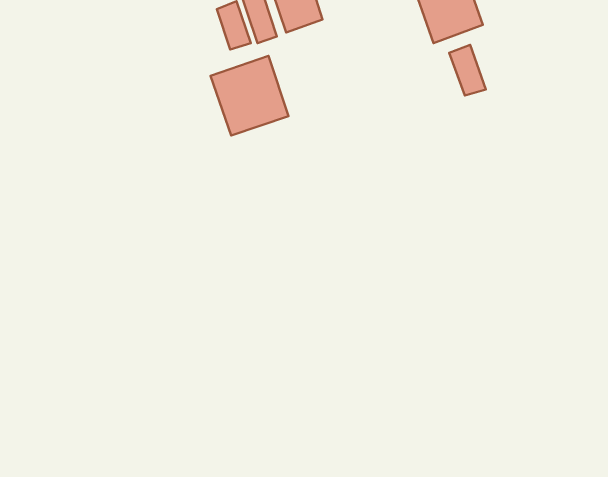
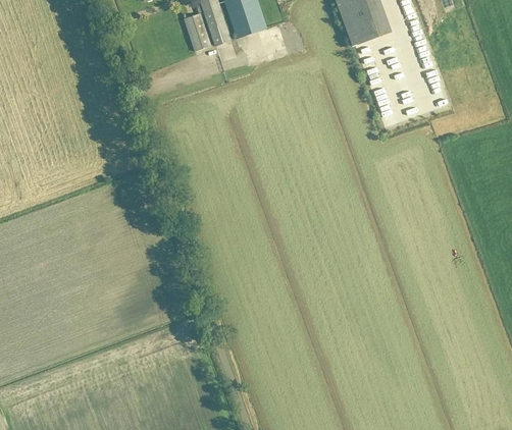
building: [449,45,486,96] -> none
building: [211,56,288,135] -> none

